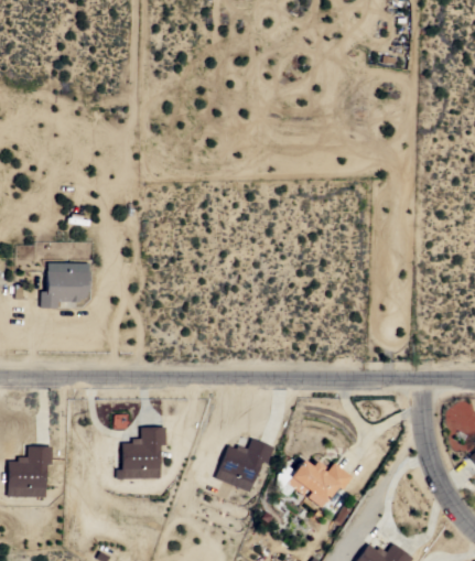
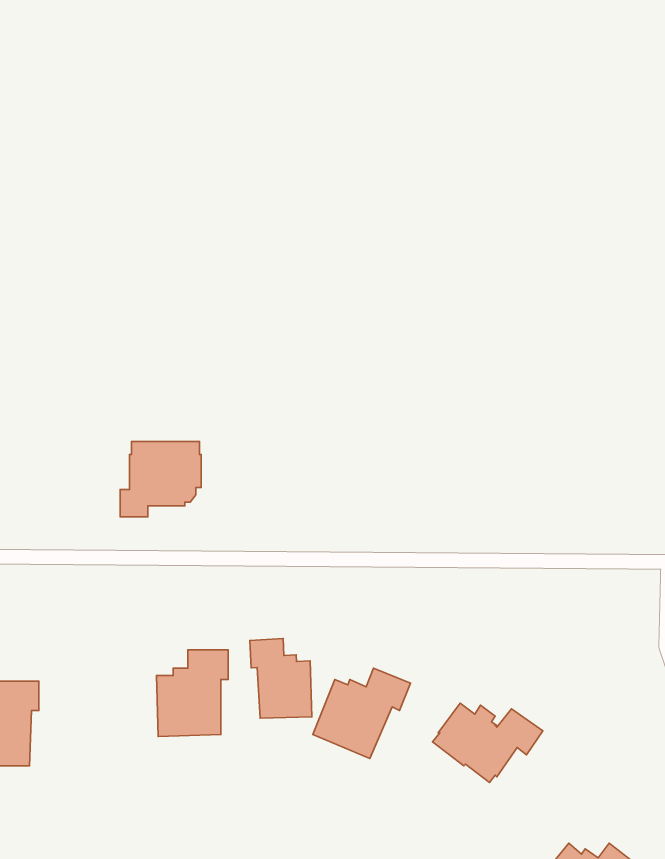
building: [42,263,90,309] -> [120,442,201,517]
building: none -> [250,639,312,718]

